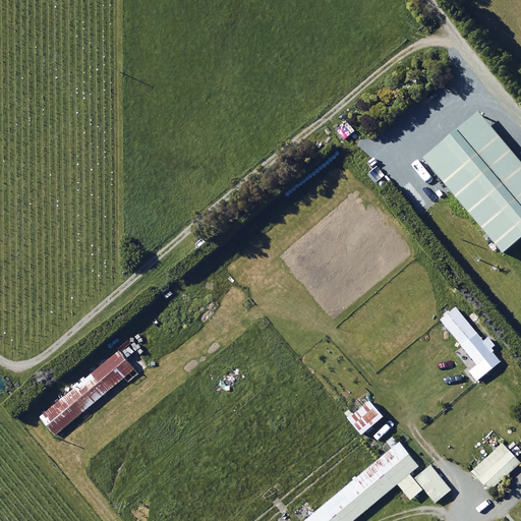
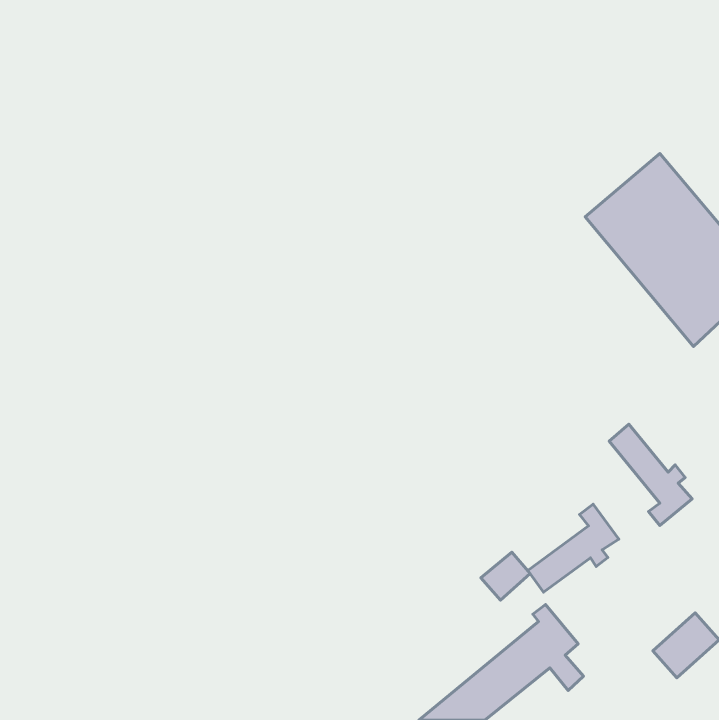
building: [40,351,135,436] -> none
building: none -> [528,504,619,592]
building: [414,464,451,502] -> none

